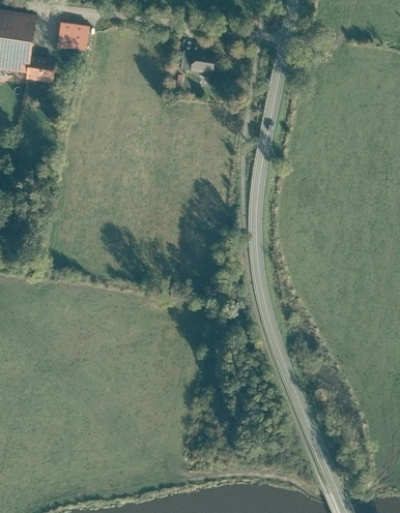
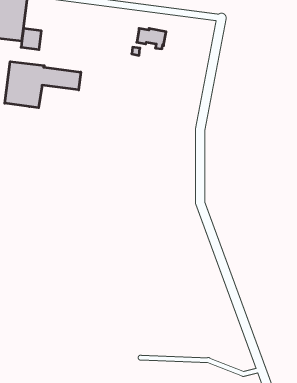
building: [58,24,87,51] -> none
building: none -> [5,62,81,108]

